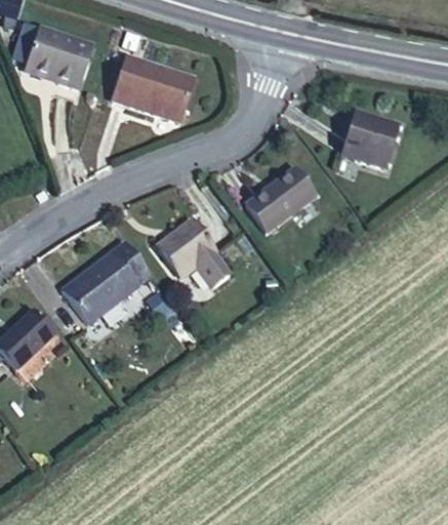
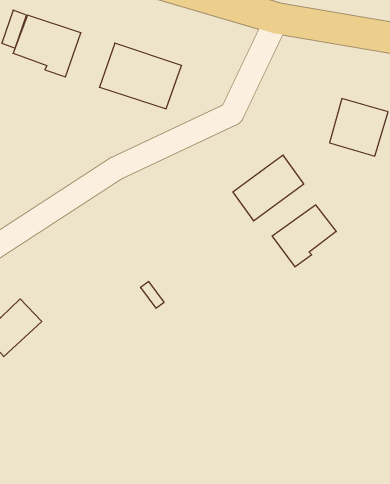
building: none -> [272,205,336,267]
building: [156,217,228,285] -> none
building: [63,250,149,324] -> none

